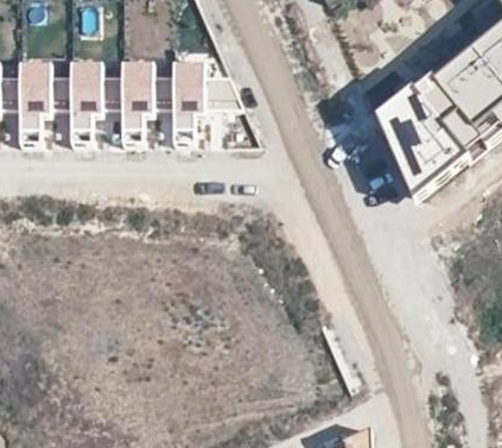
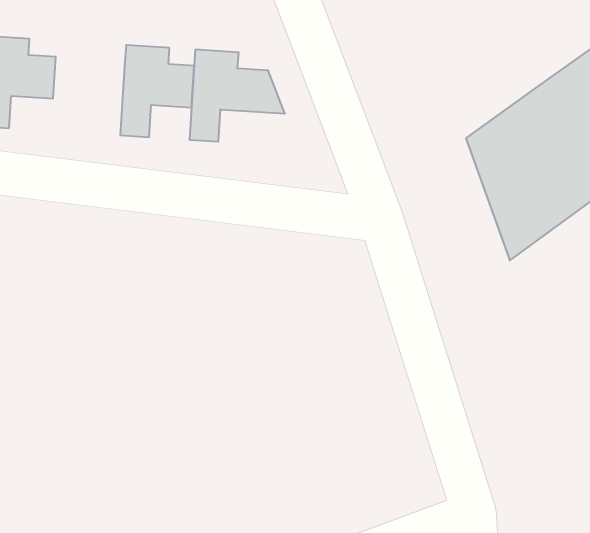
building: [71,65,122,132] -> none

